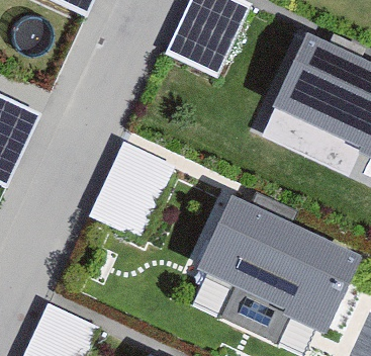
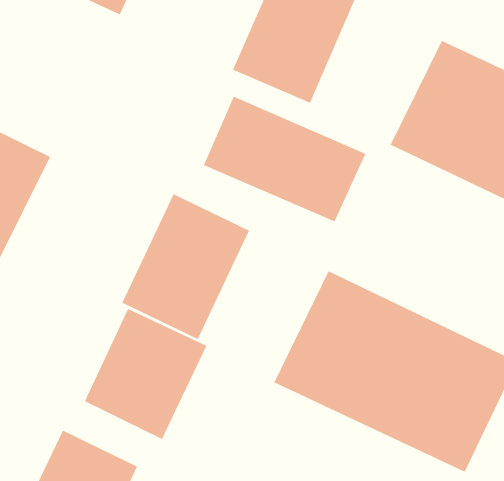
building: none -> [203,96,366,222]
building: none -> [84,308,207,440]

